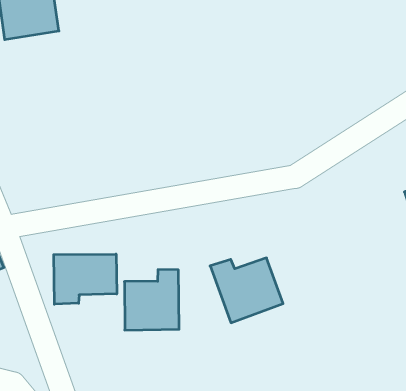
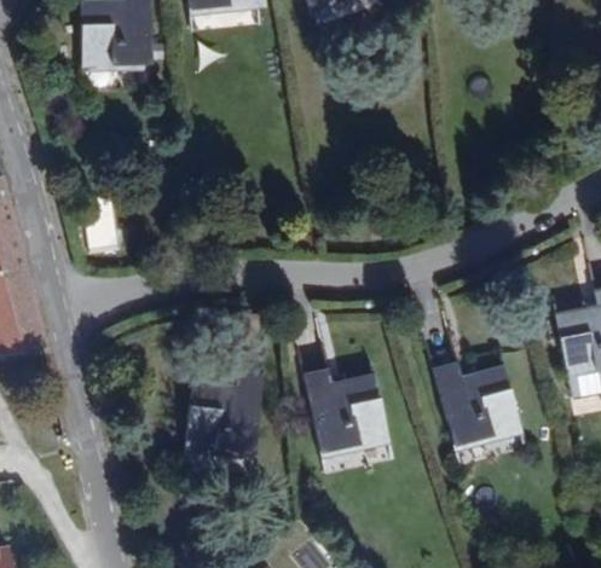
building: none -> [433,366,520,446]
building: [54,254,117,304] -> none

